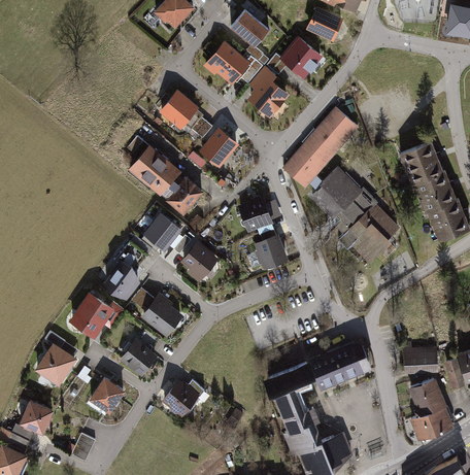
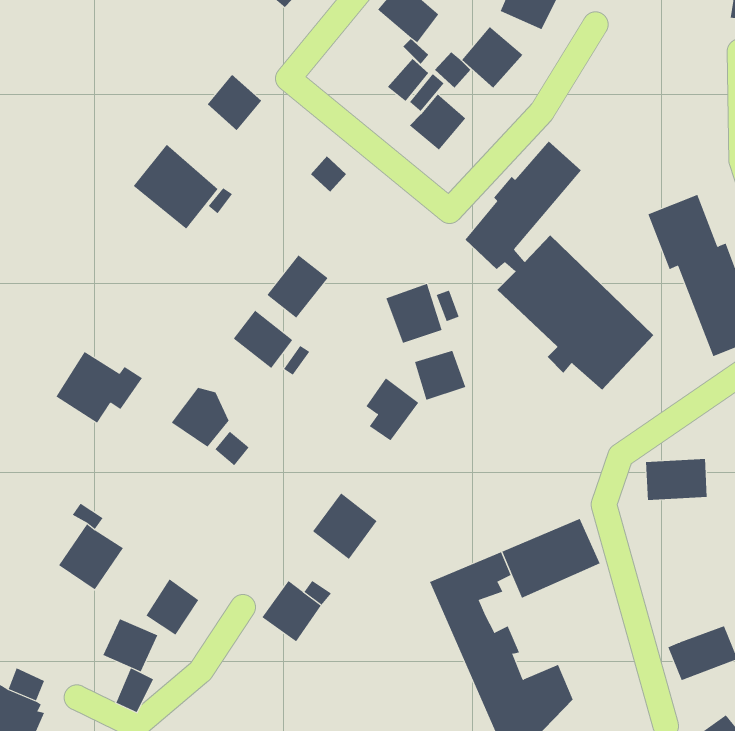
building: [210,44,248,81] -> none
building: [163,93,197,128] -> [207,74,262,131]
building: [203,131,237,165] -> none
building: [128,146,180,199] -> [133,144,218,229]
building: [183,243,216,282] -> [366,378,419,441]
building: [69,292,123,336] -> [56,351,143,423]
building: [141,295,181,336] -> [312,493,378,560]
building: [118,336,156,374] -> none
building: [402,348,440,374] -> [645,459,707,501]
building: [407,378,445,416] -> none
building: [18,400,52,433] -> [103,618,158,672]

